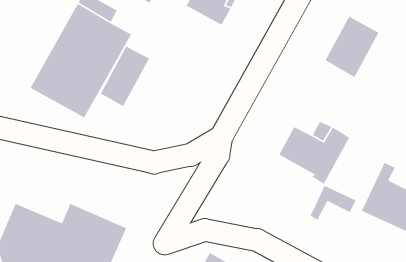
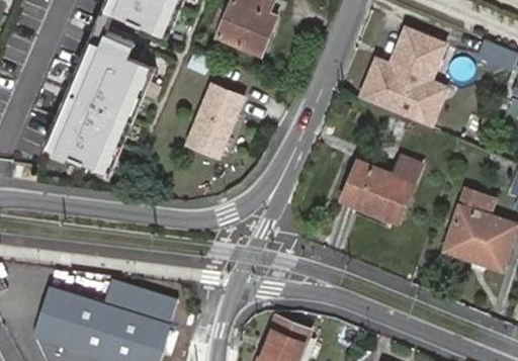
building: [100,45,150,107] -> [191,87,244,157]
building: none -> [356,77,433,126]
building: [310,185,357,221] -> none

